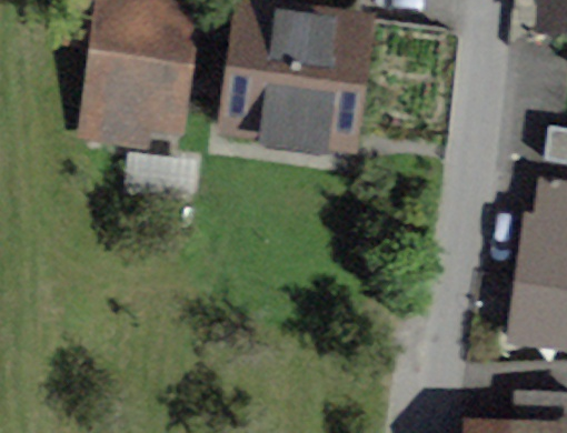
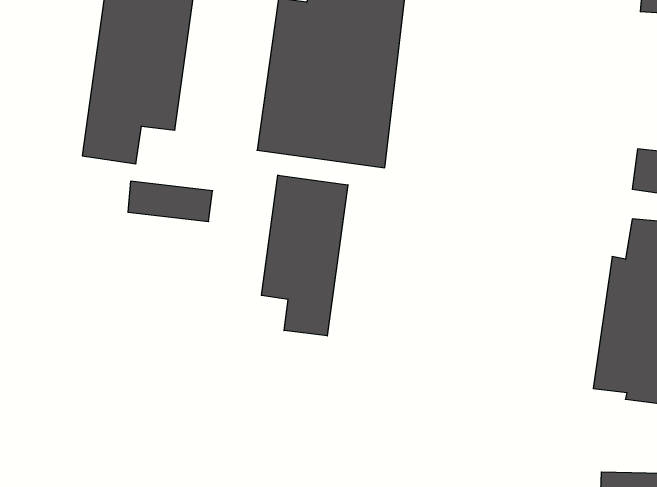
building: none -> [261,175,348,336]

